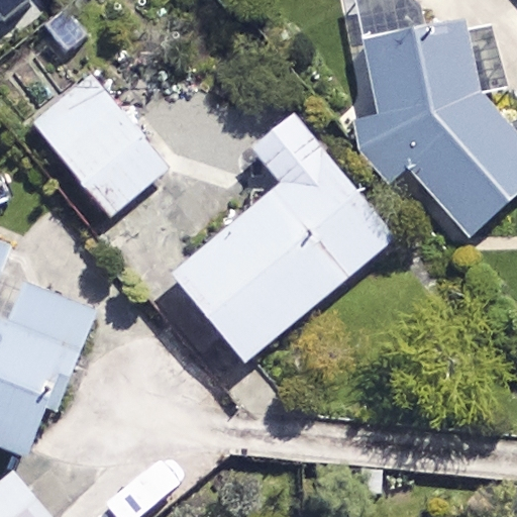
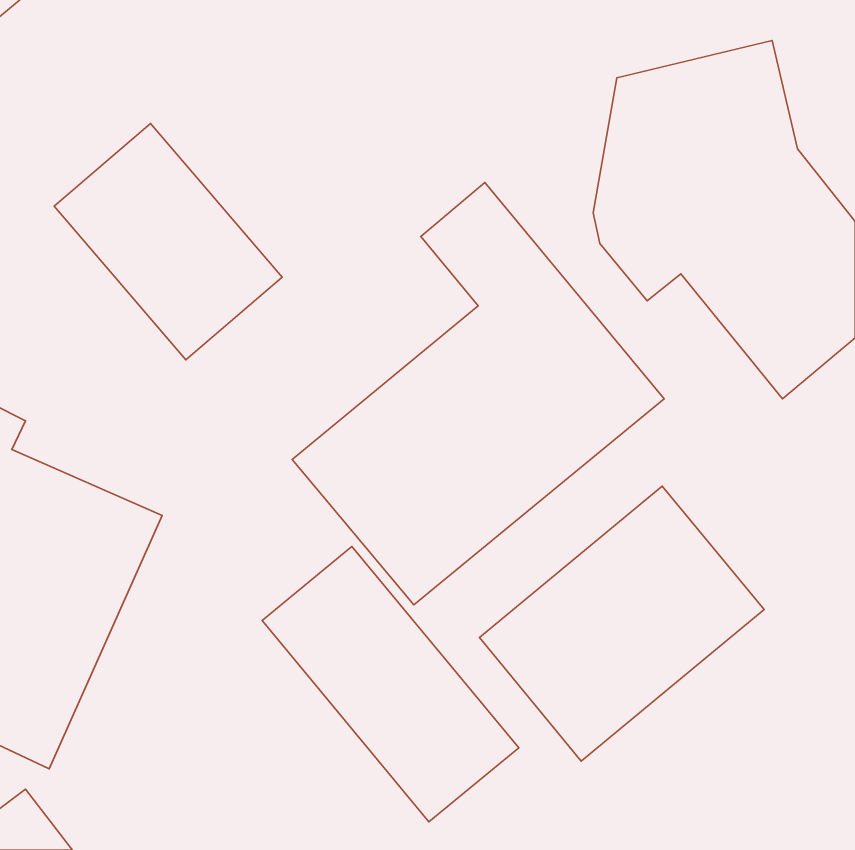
building: none -> [479,486,764,761]
building: none -> [262,546,519,822]

